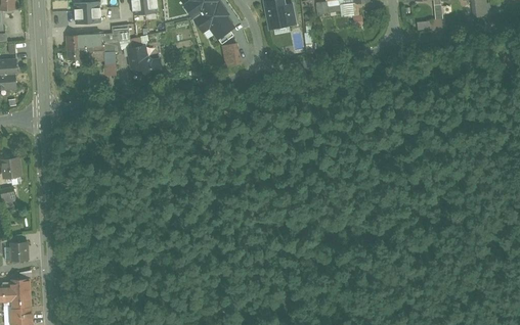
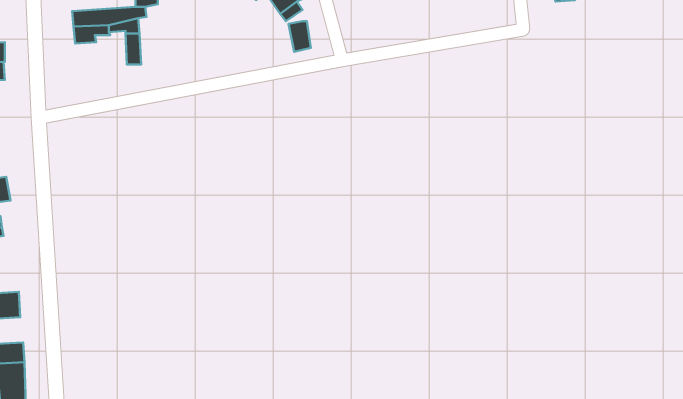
building: [128,45,161,77] -> none

